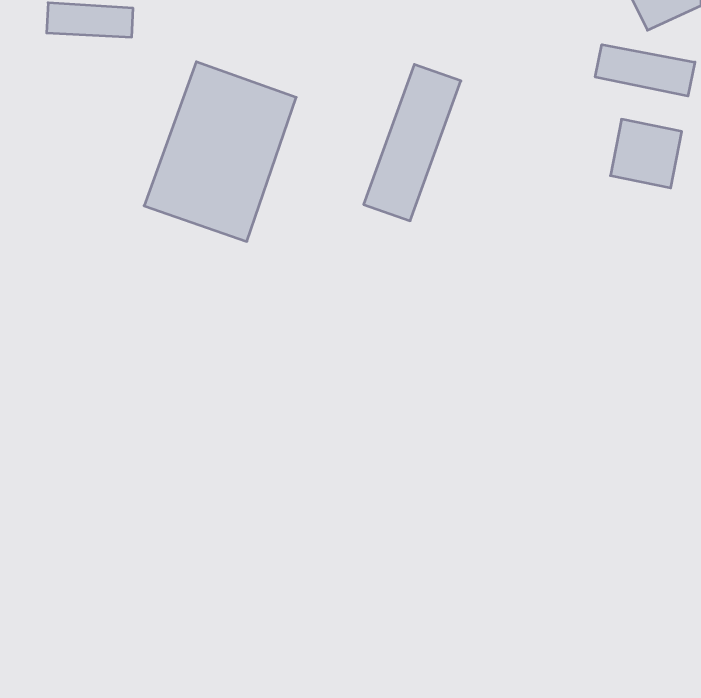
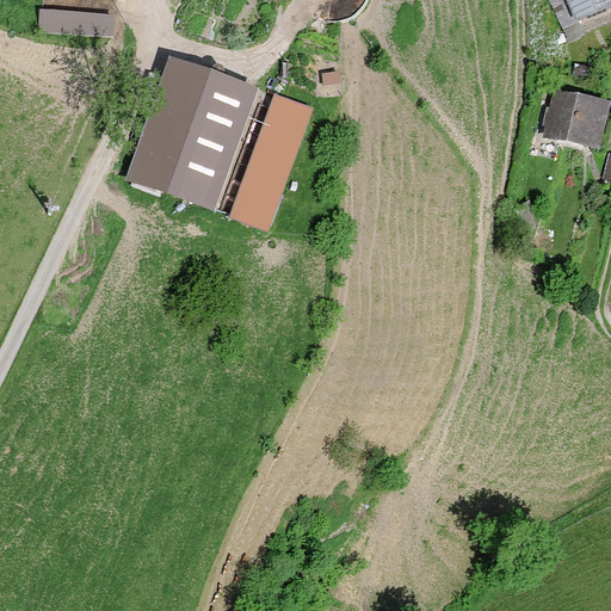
building: [595,45,695,96] -> none
building: [364,64,461,221] -> [229,92,314,228]

